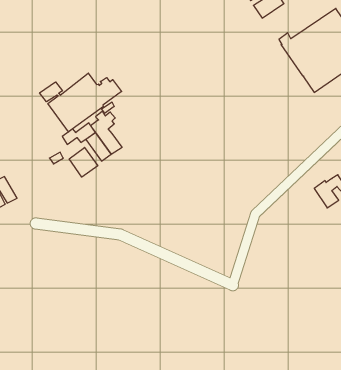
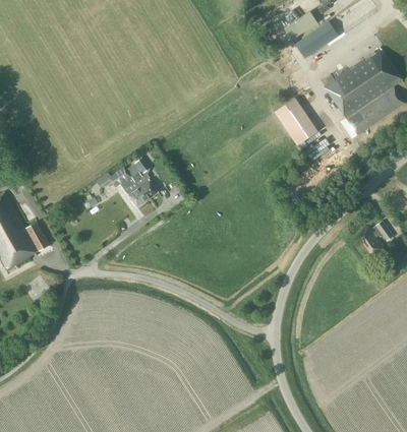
building: none -> [275,97,319,144]
building: [40,73,122,132] -> none
building: [69,147,98,177] -> none

